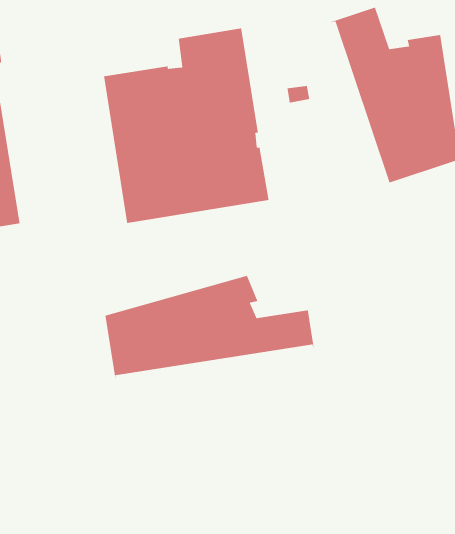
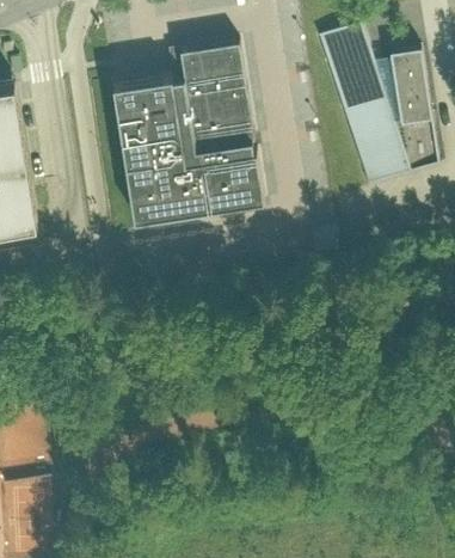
building: [105,275,315,382] -> none

